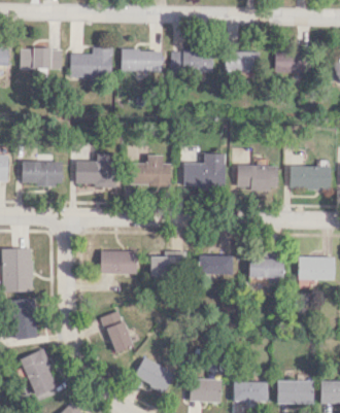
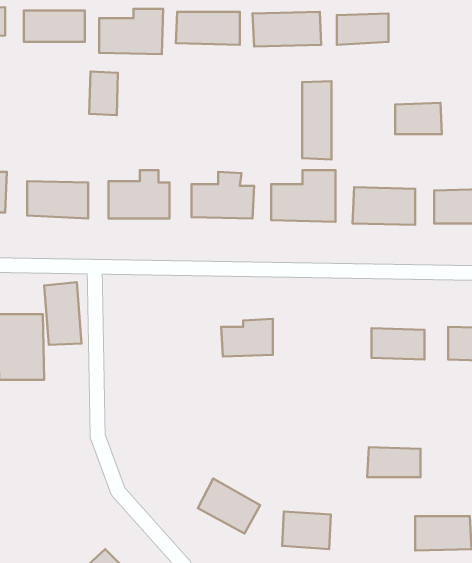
building: [274,51,305,72] -> [395,103,442,134]
building: none -> [89,72,118,115]
building: none -> [302,81,332,159]
building: [101,251,137,273] -> none
building: [200,256,232,274] -> none
building: [12,298,37,339] -> [44,282,82,345]
building: [102,310,133,353] -> none
building: [21,348,57,394] -> none
building: [233,381,268,401] -> [367,447,420,477]

